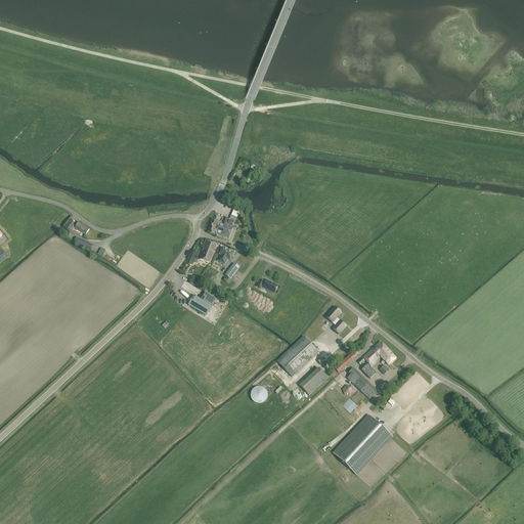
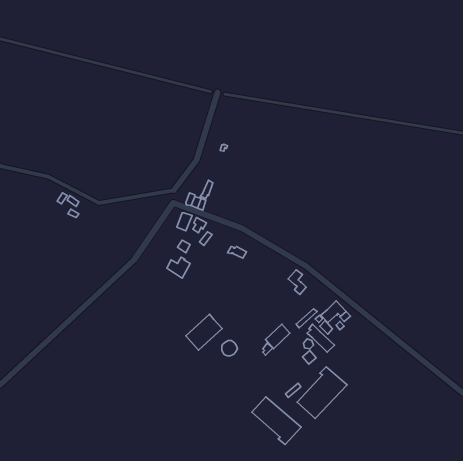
building: [277,335,318,376] -> [186,314,222,350]
building: none -> [252,397,301,445]

